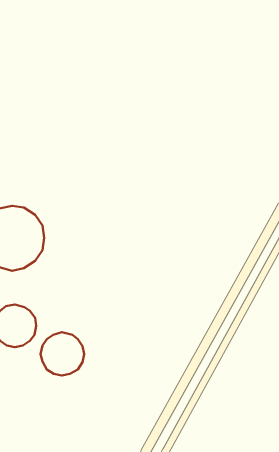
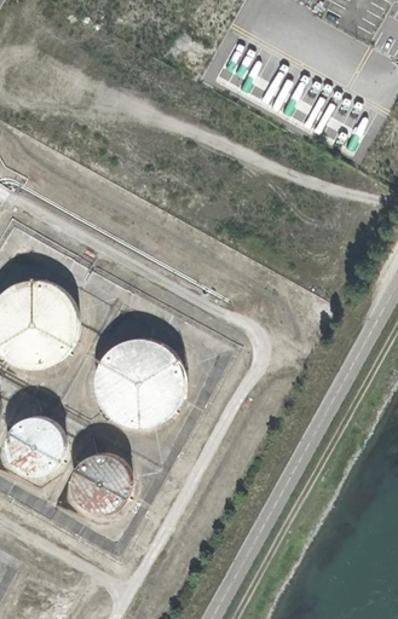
building: none -> [94,340,183,428]

